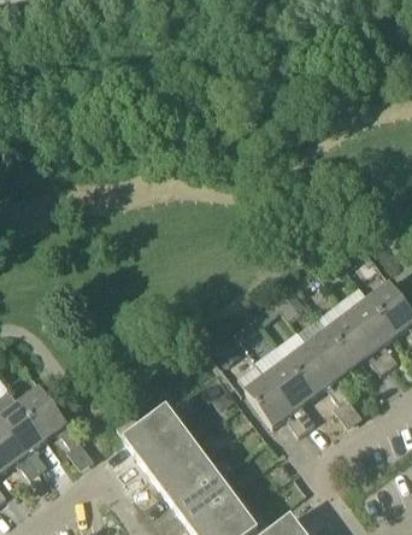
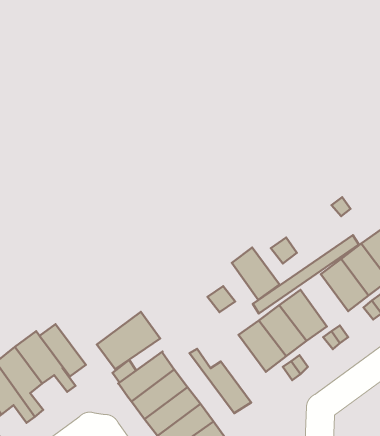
building: [307,325,355,378] -> [232,247,280,300]
building: none -> [97,312,160,369]
building: none -> [39,324,86,376]
building: none -> [189,349,251,413]

